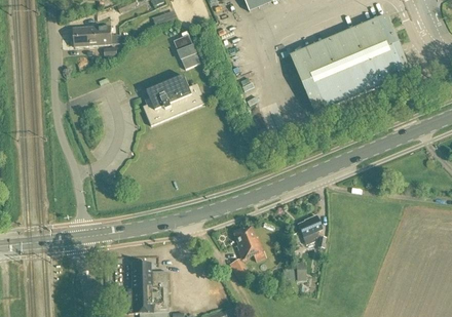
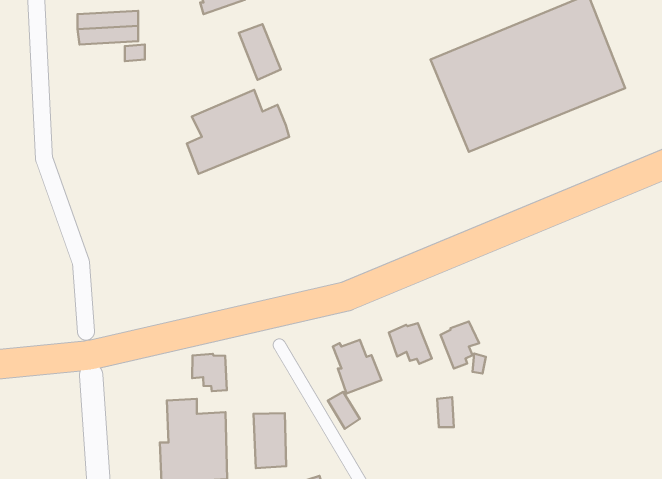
building: none -> [389,323,432,364]
building: none -> [192,354,227,391]
building: none -> [253,413,286,468]

